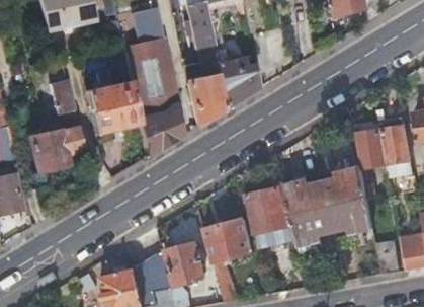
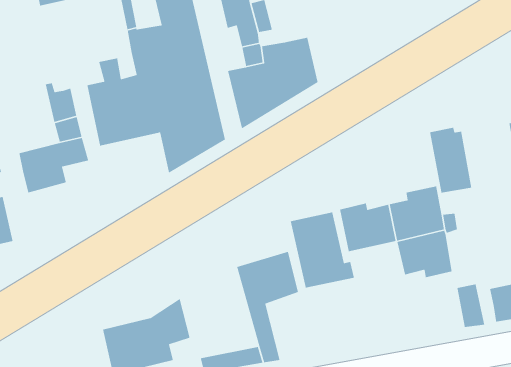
building: [375,114,405,167] -> none
building: [287,209,331,249] -> none
building: [162,242,199,284] -> none

